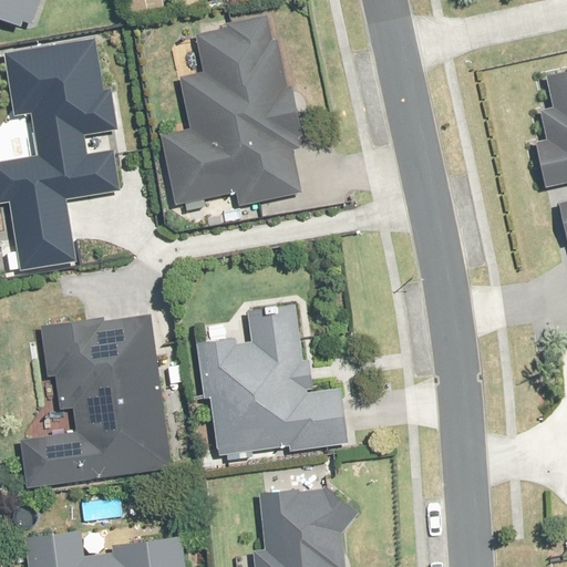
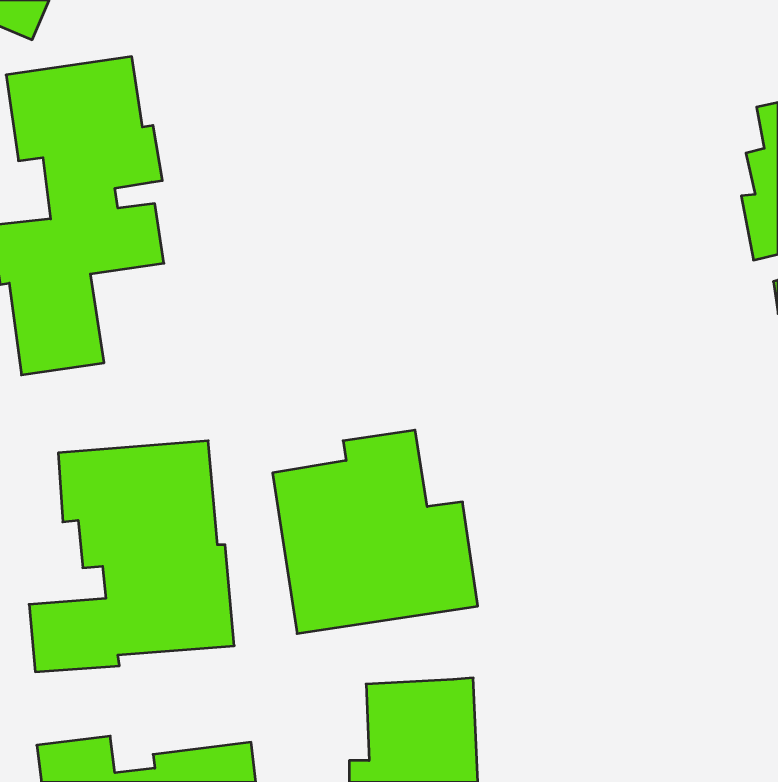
building: [162,18,303,206] -> none

